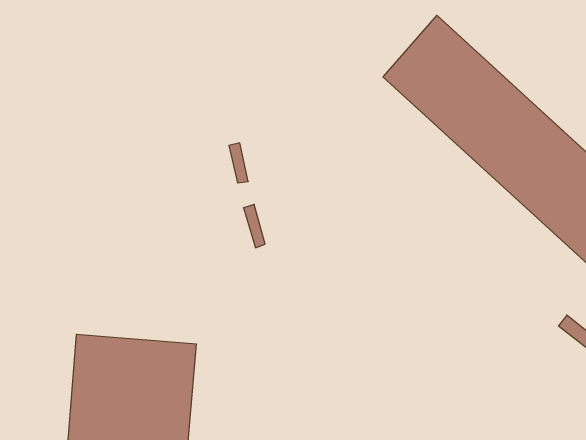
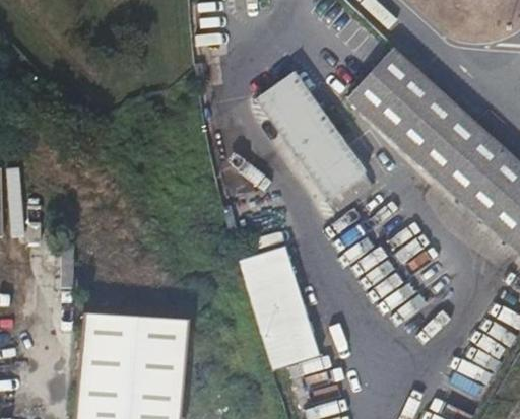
building: none -> [255,70,363,196]
building: none -> [242,248,321,371]

